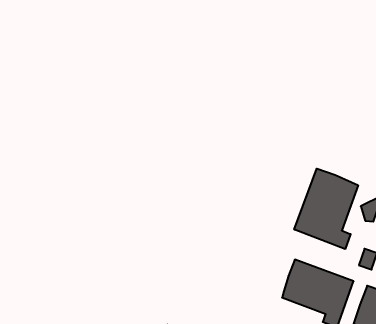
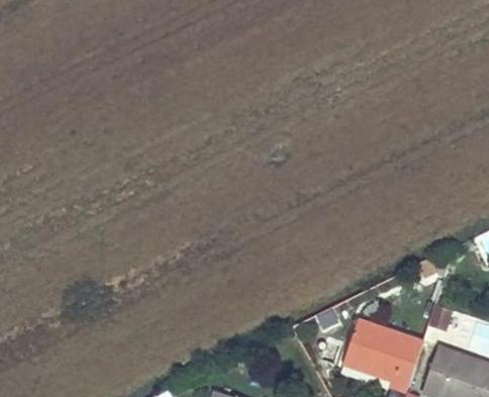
building: [294,169,358,249] -> none

